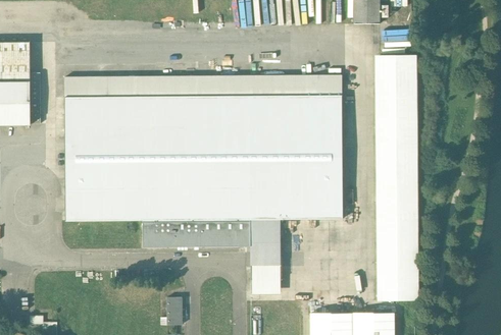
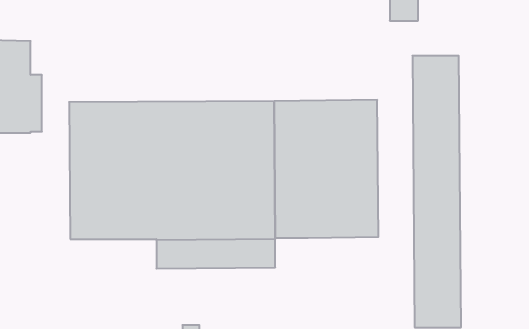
building: [64,74,342,97] -> none
building: [250,219,281,293] -> none

